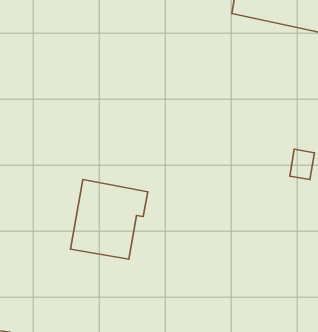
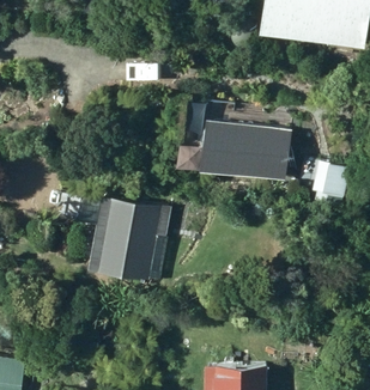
building: none -> [202,122,291,182]

